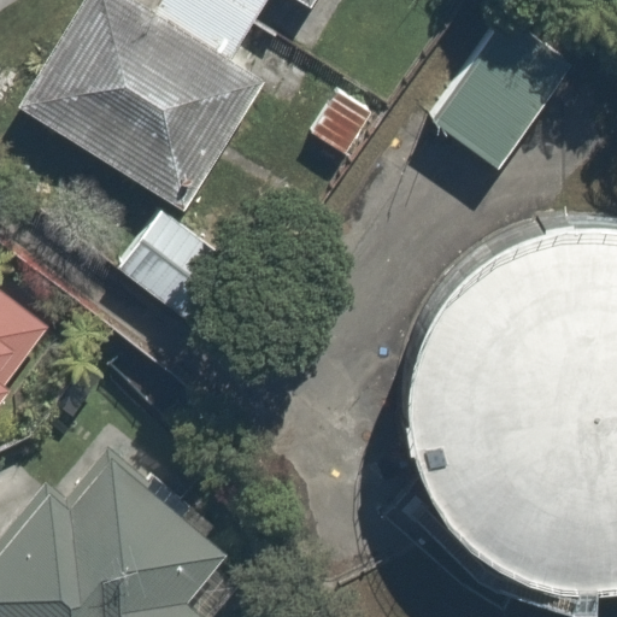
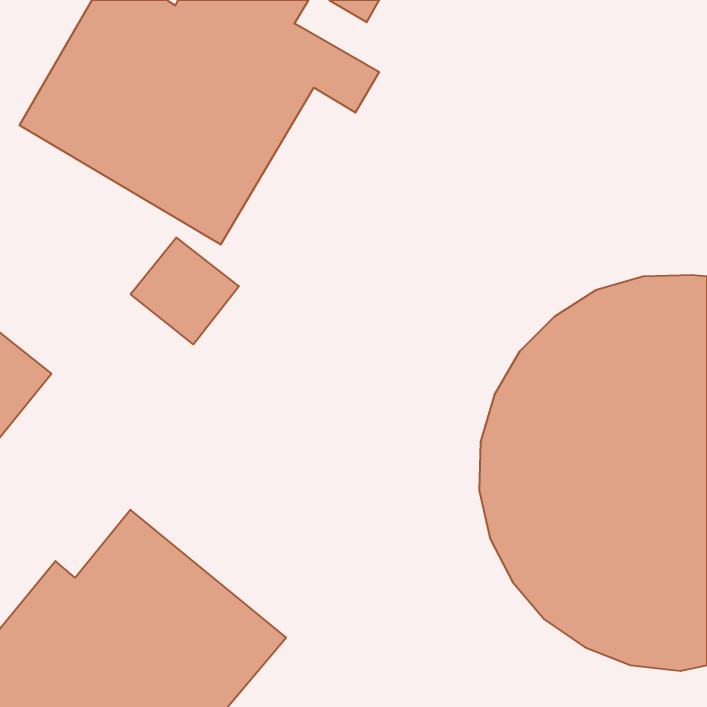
building: [423,10,571,168] -> none

